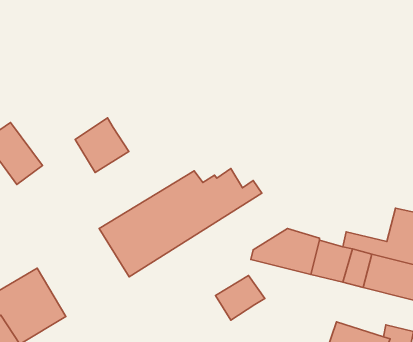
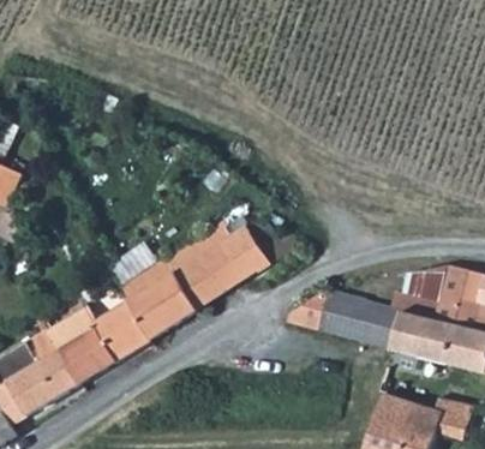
building: [75,118,129,172] -> none
building: none -> [46,303,149,385]
building: [216,275,265,320] -> none

